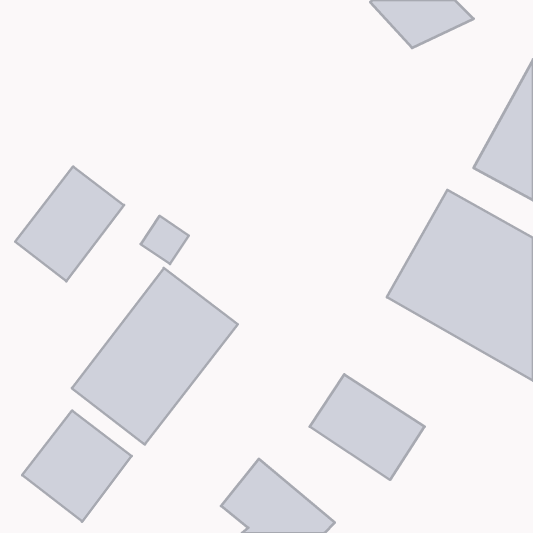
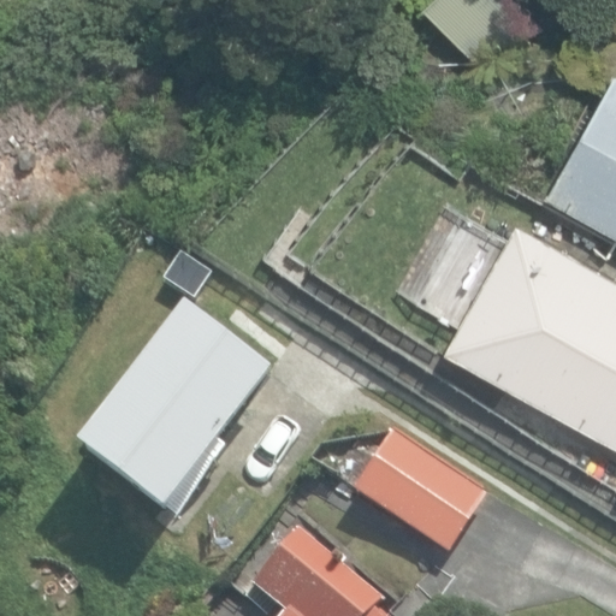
building: [15,167,124,281] -> none
building: [22,411,132,522] -> none

